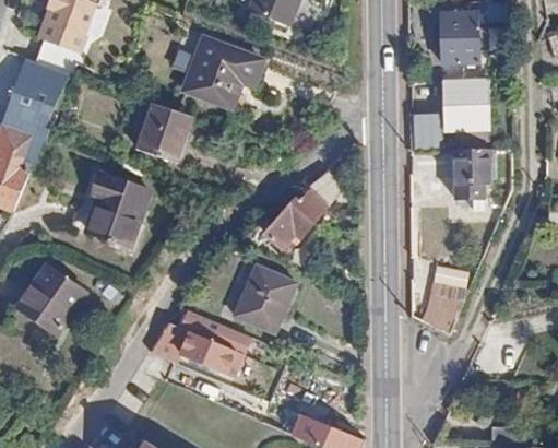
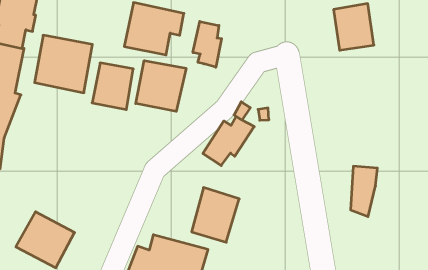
building: none -> [193,21,222,67]
building: none -> [136,61,186,111]
building: [411,117,440,149] -> none
building: [453,149,487,200] -> none
building: [75,167,151,243] -> [35,35,92,93]

